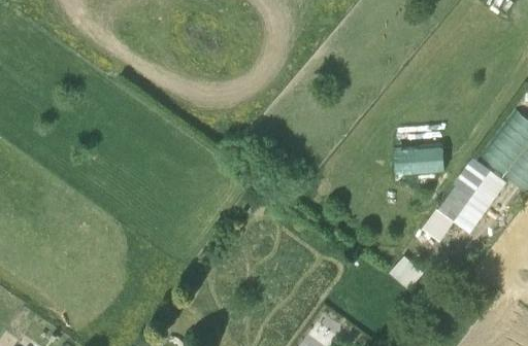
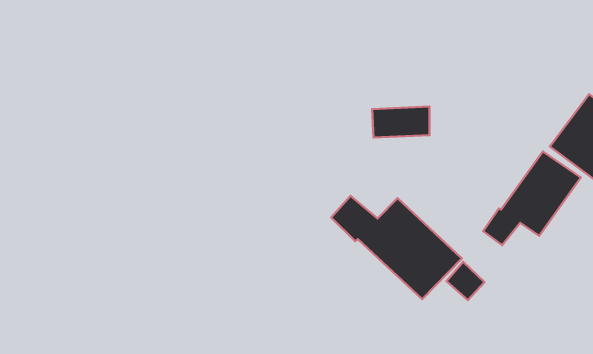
building: [397,143,447,170] -> [372,107,429,138]
building: none -> [331,196,462,299]

